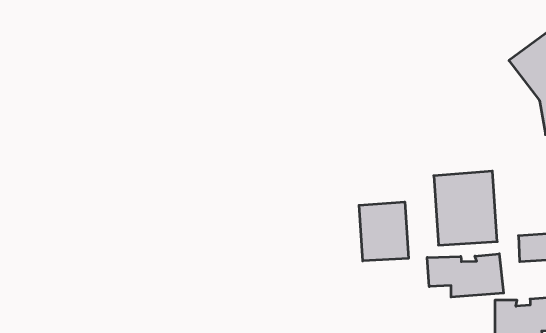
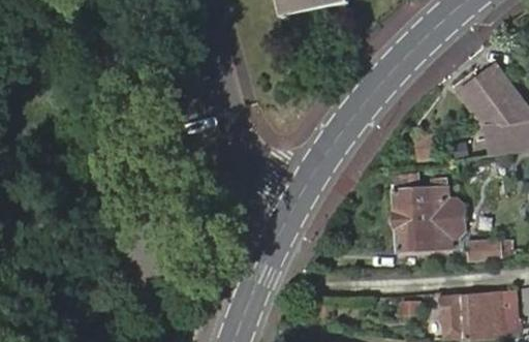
building: [359,202,408,261] -> none
building: [427,254,504,297] -> none

